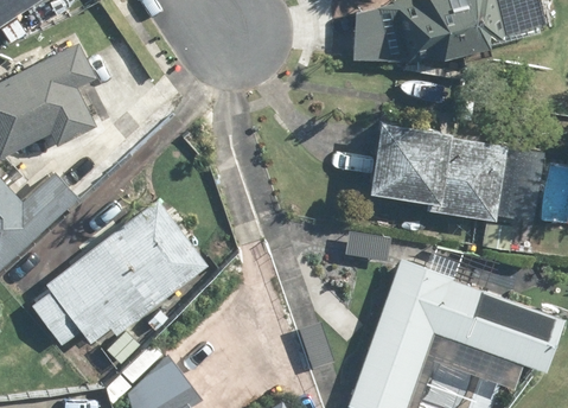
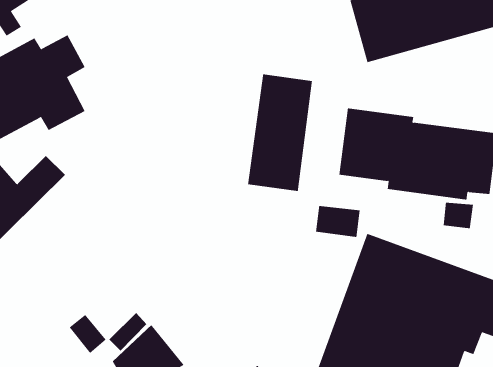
building: none -> [248,73,313,192]
building: [28,208,205,346] -> none

